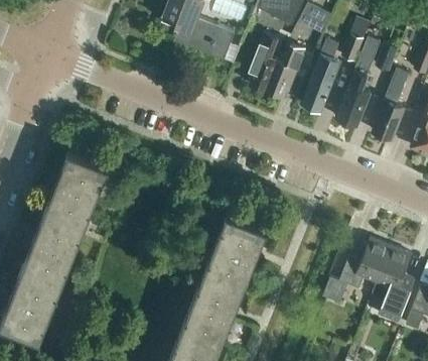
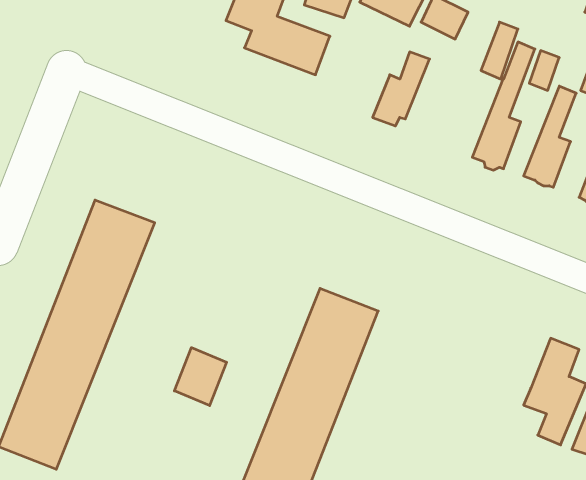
building: [248,33,278,91] -> none
building: [301,39,339,112] -> none
building: [322,239,391,303] -> none
building: none -> [174,348,227,406]

